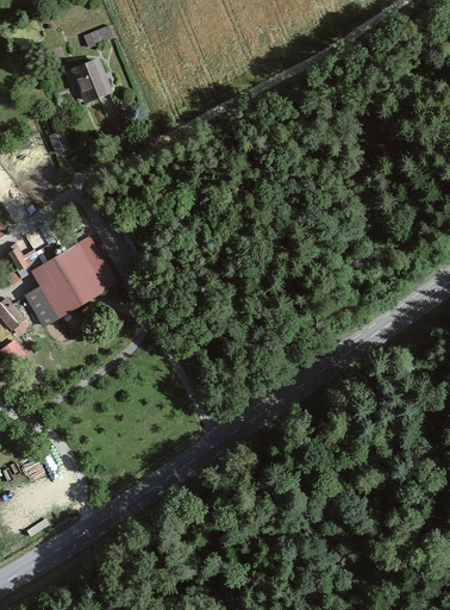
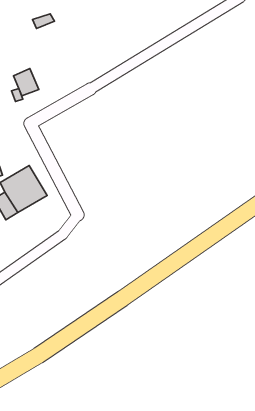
building: [75,58,112,99] -> [14,68,39,96]

